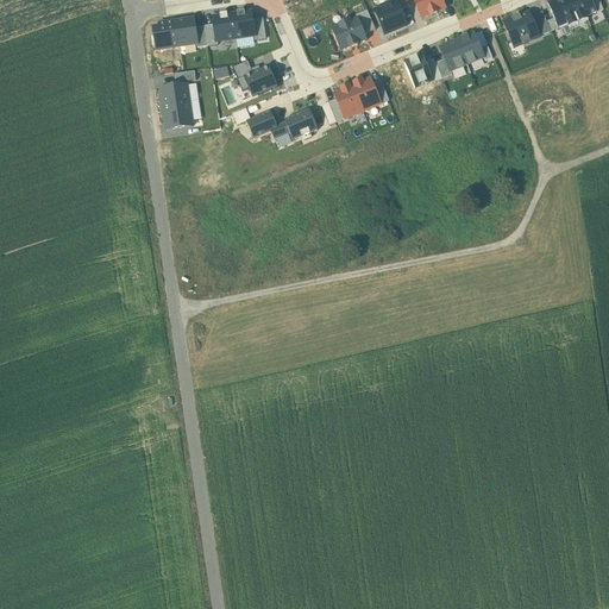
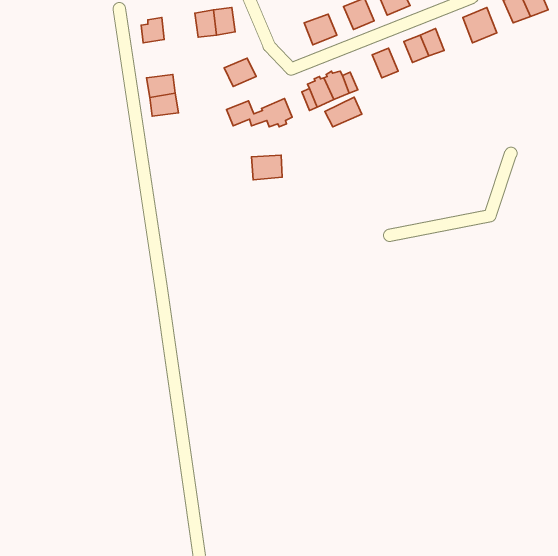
building: [177,17,208,45] -> none
building: none -> [325,97,362,127]
building: none -> [252,155,282,180]

